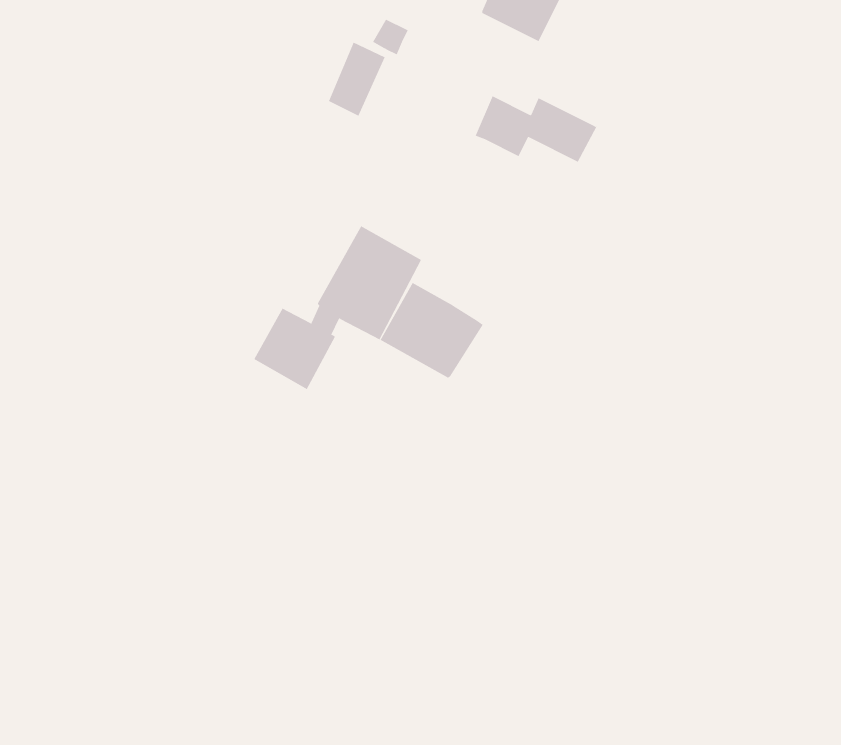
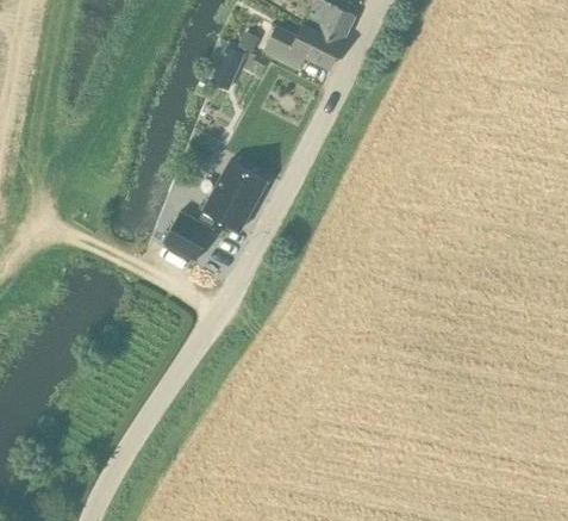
building: [475,96,597,163] -> [267,25,343,67]
building: [380,282,483,379] -> none

